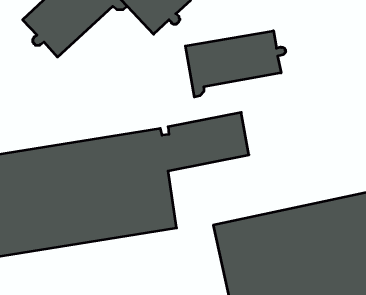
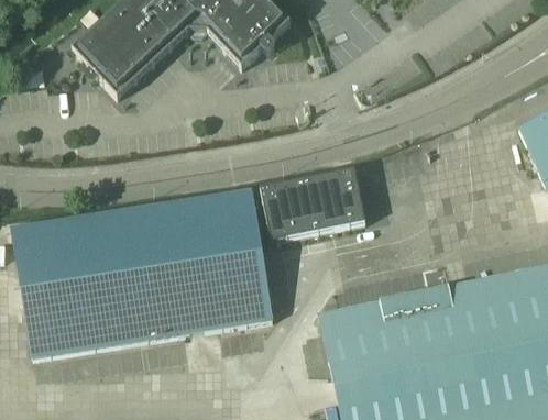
building: [185,31,286,97] -> none

